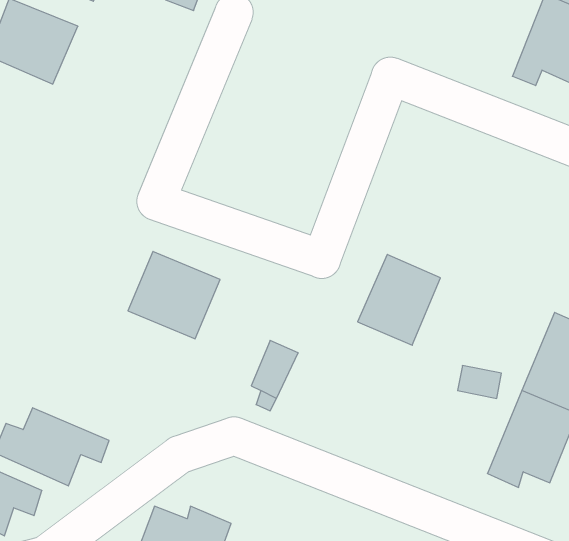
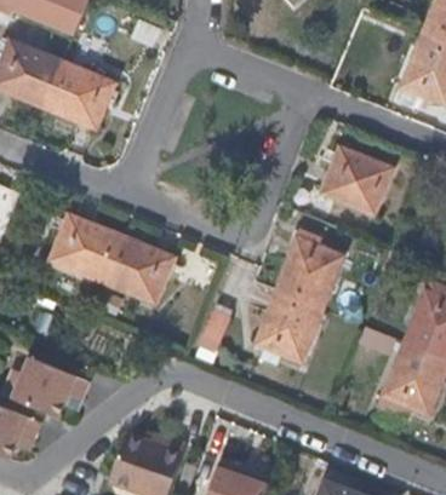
building: none -> [42,61,113,127]
building: none -> [321,144,393,213]
building: none -> [47,213,120,281]
building: none -> [257,289,321,362]

